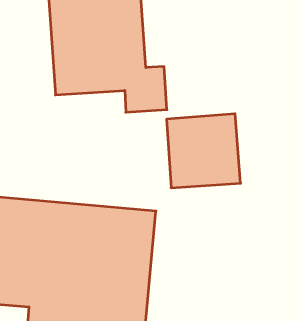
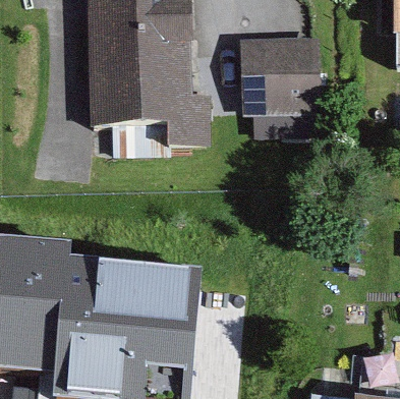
building: [167,114,241,188] -> [245,39,328,121]

